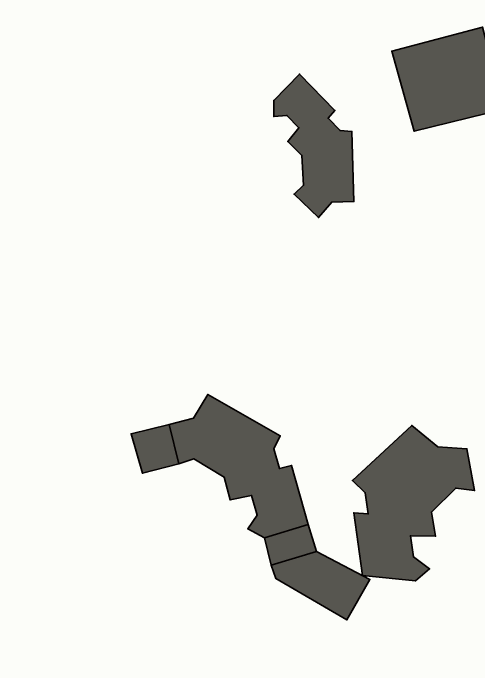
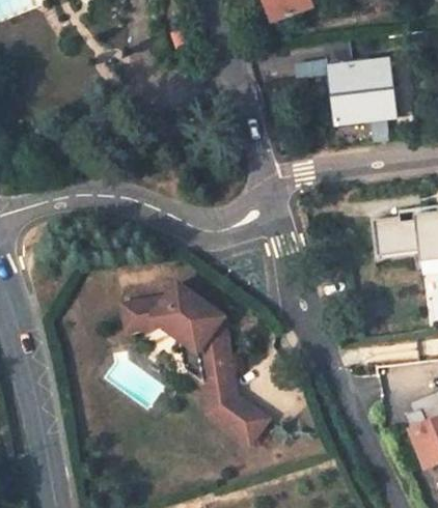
building: [274,74,354,218] -> none
building: [353,426,474,581] -> none

